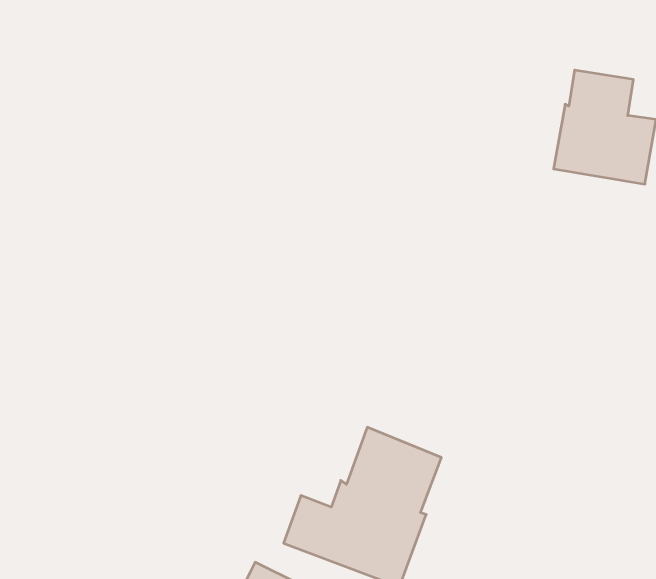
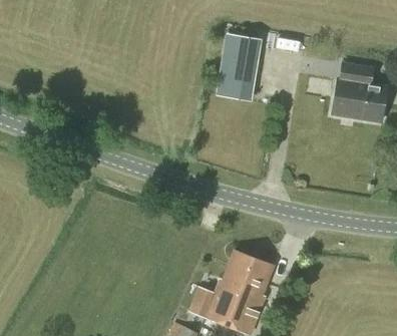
building: none -> [217,33,262,99]

